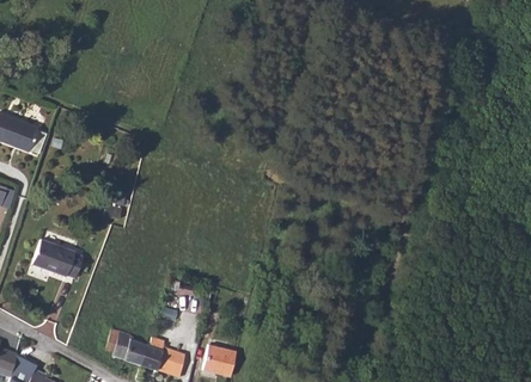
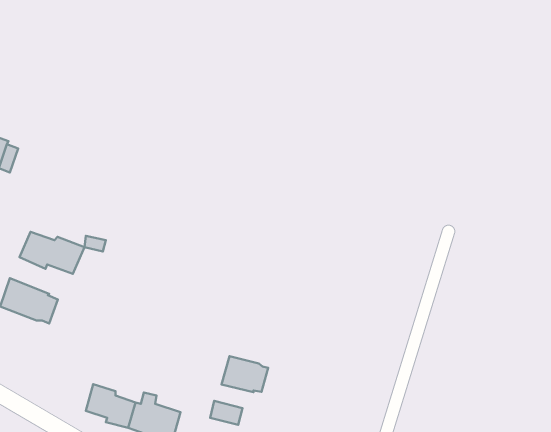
building: none -> [20,232,85,274]
building: none -> [222,356,268,392]

